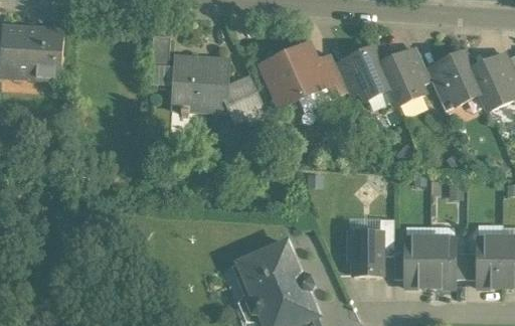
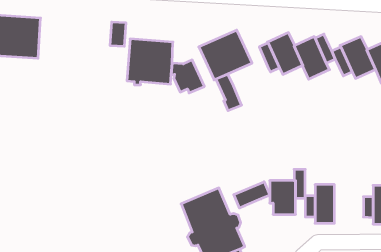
building: [315,52,347,98] -> [216,74,242,111]
building: none -> [234,182,270,208]
building: [430,236,454,285] -> none

